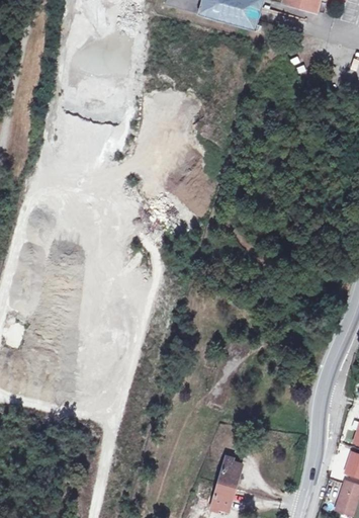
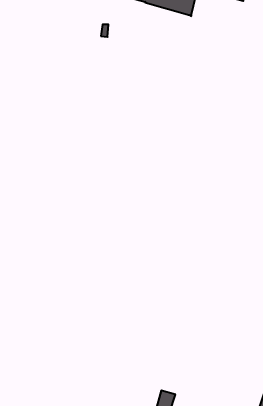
building: [218,455,242,487] -> none

